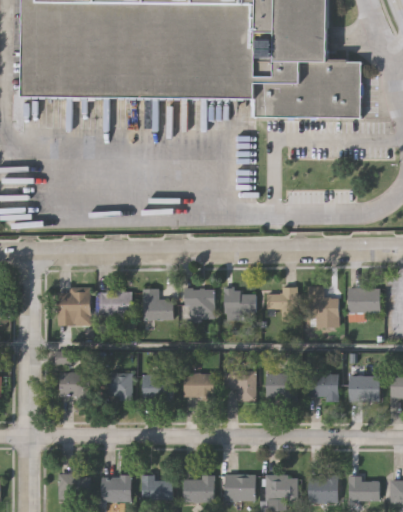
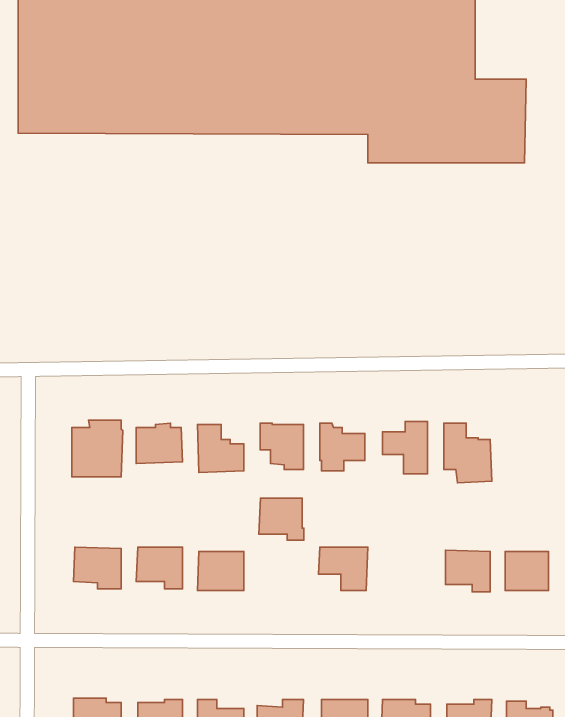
building: [349,288,380,313] -> none
building: [183,374,213,402] -> [259,498,304,540]
building: [266,375,295,401] -> none

